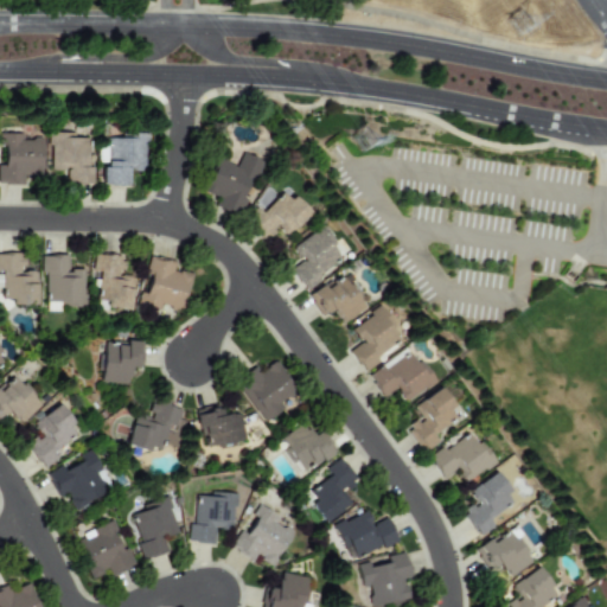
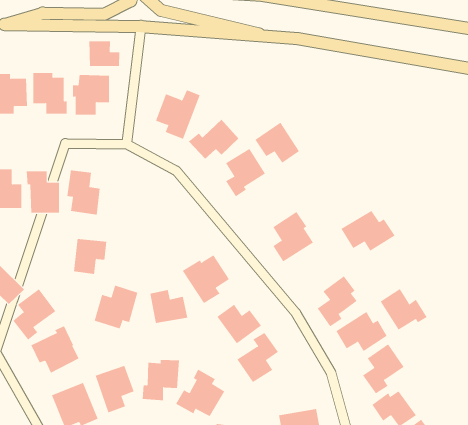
building: none -> [89,40,120,67]
building: [143,255,193,311] -> none
building: [312,271,369,324] -> [254,122,300,163]
building: [372,350,441,402] -> [341,210,395,252]
building: none -> [380,288,428,330]
building: [338,510,402,561] -> none

